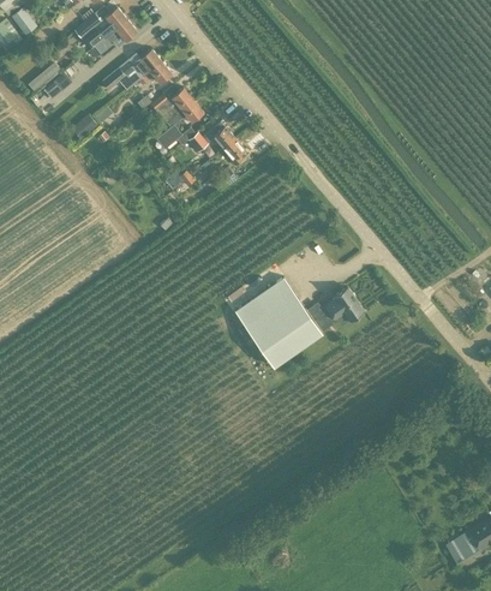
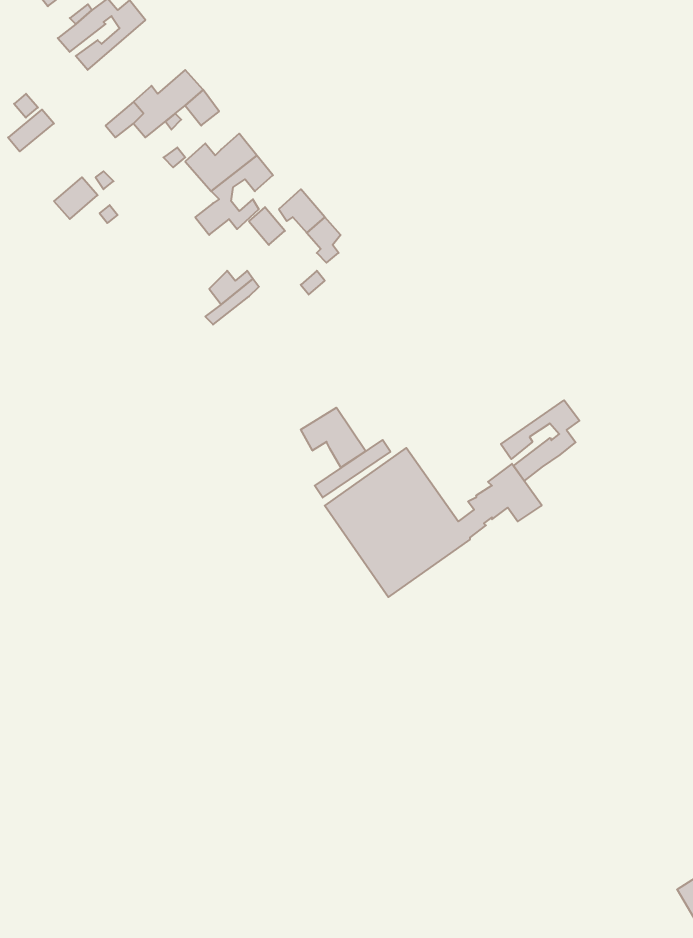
building: [91,19,137,56] -> none
building: none -> [501,400,579,481]
building: none -> [301,408,366,467]

